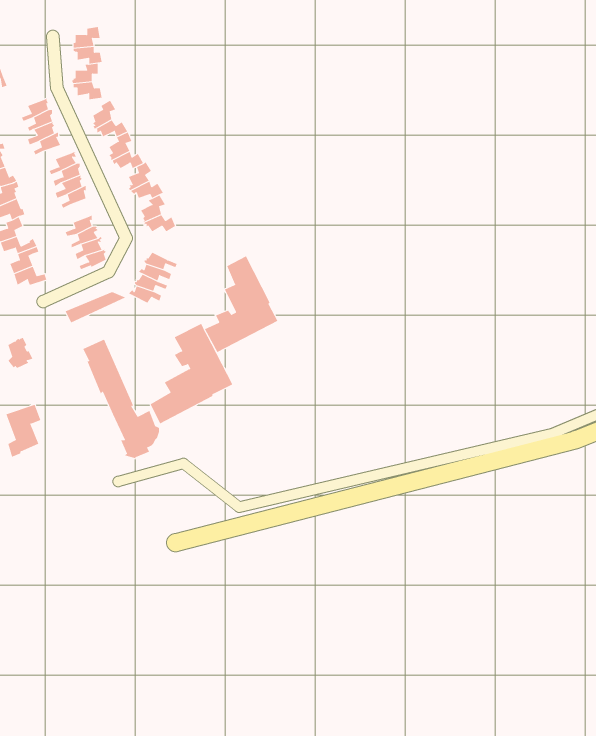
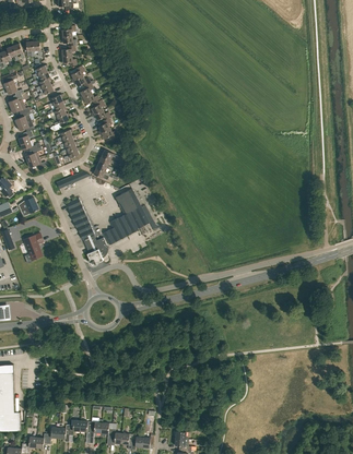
building: [204,256,278,353] -> none

